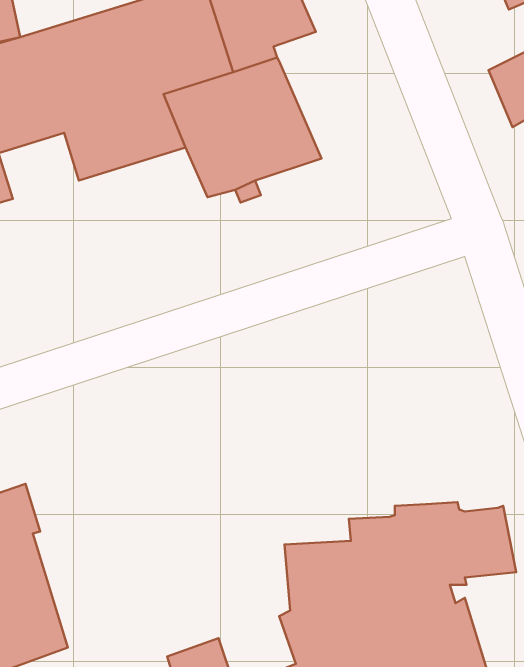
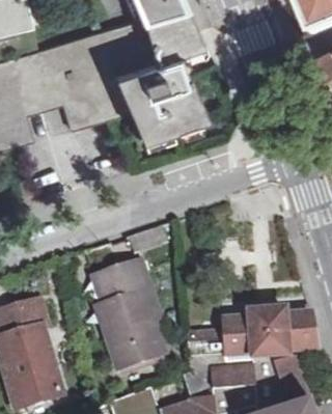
building: none -> [94,259,165,368]

